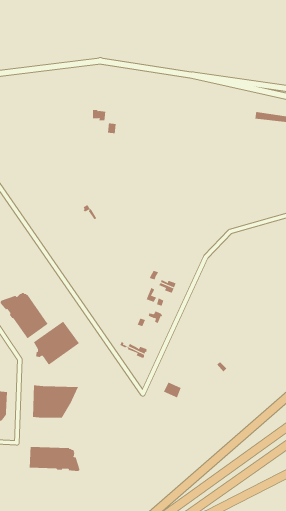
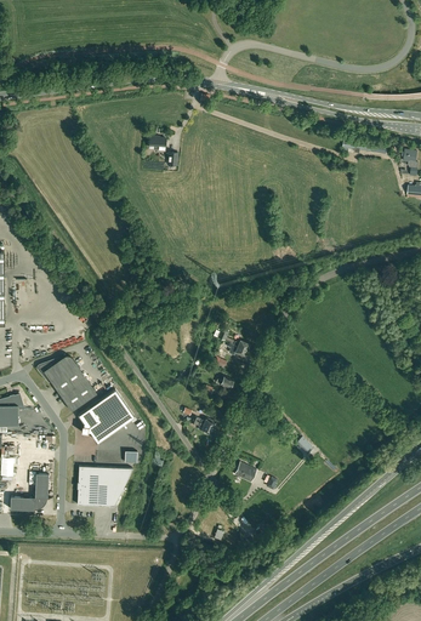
building: [29,446,80,472] -> none

